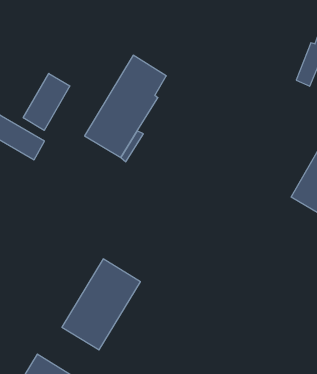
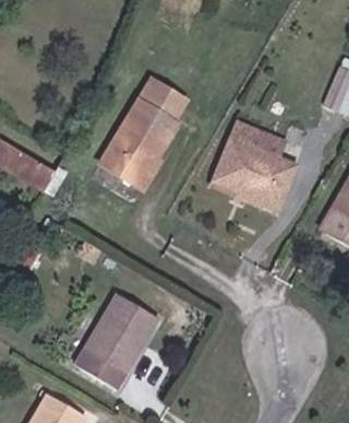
building: [23,73,70,130] -> none
building: none -> [210,124,294,210]

